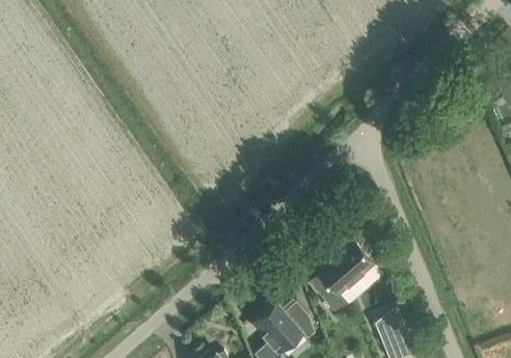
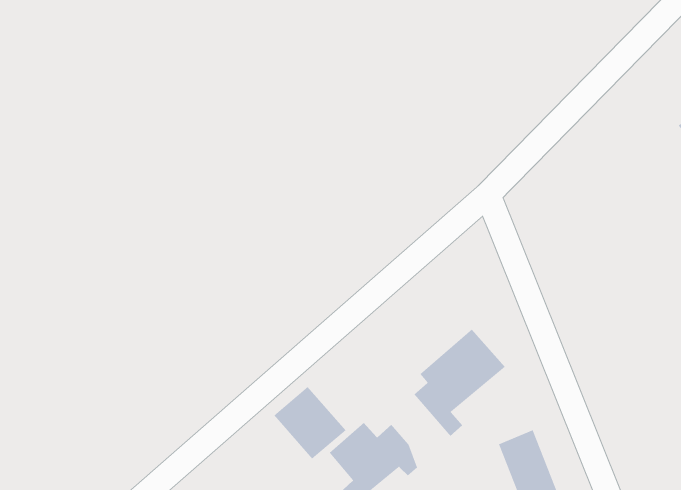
building: none -> [274,386,346,459]

